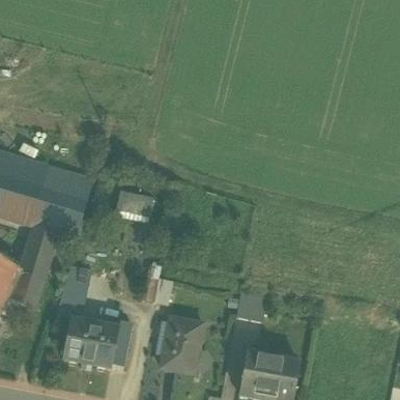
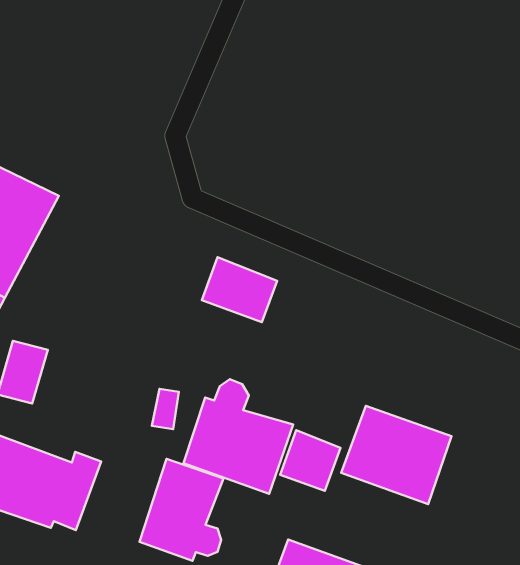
building: [112,184,153,218] -> [202,257,277,322]
building: none -> [183,379,293,494]
building: none -> [341,406,452,504]

